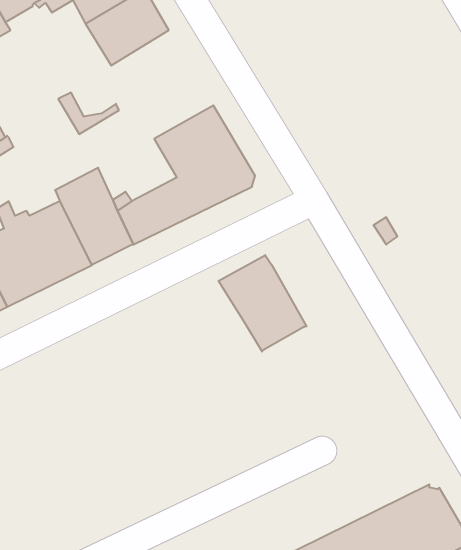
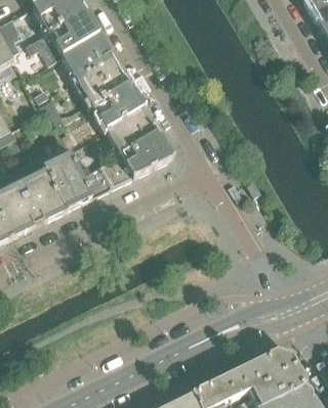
building: none -> [77,58,142,128]
building: [218,255,307,352] -> none

